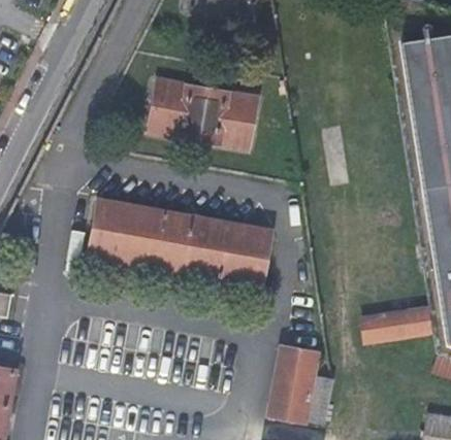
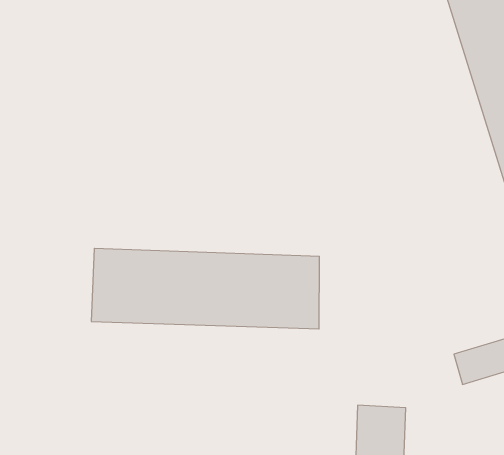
building: [151,77,259,146] -> none

